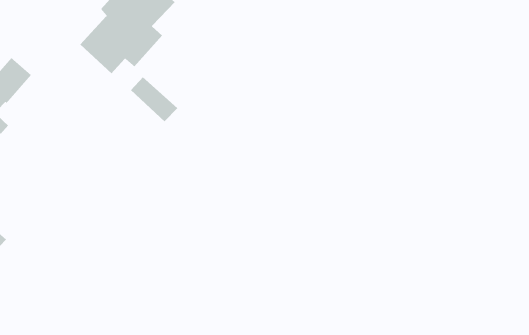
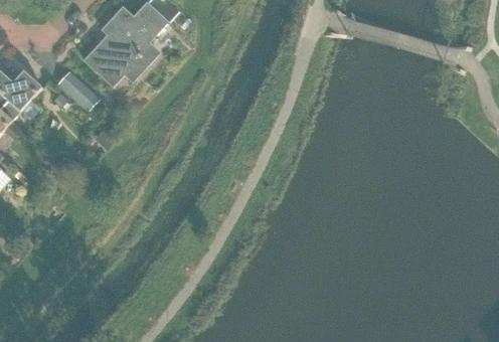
building: [130,76,178,122] -> [58,69,101,110]

